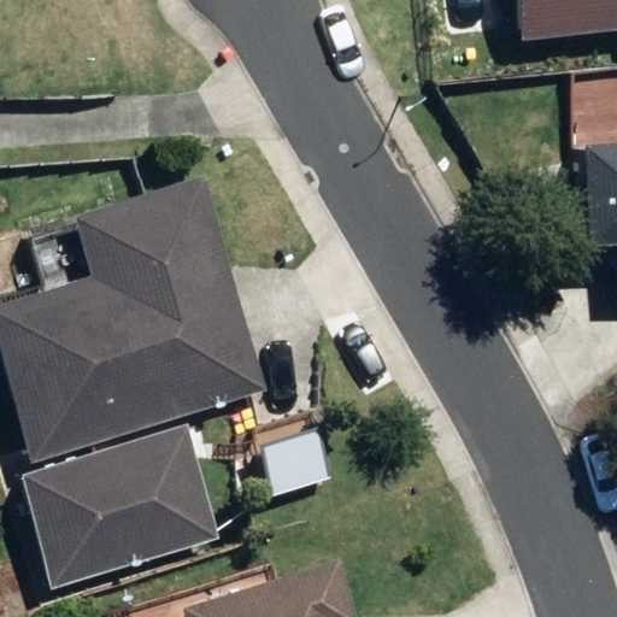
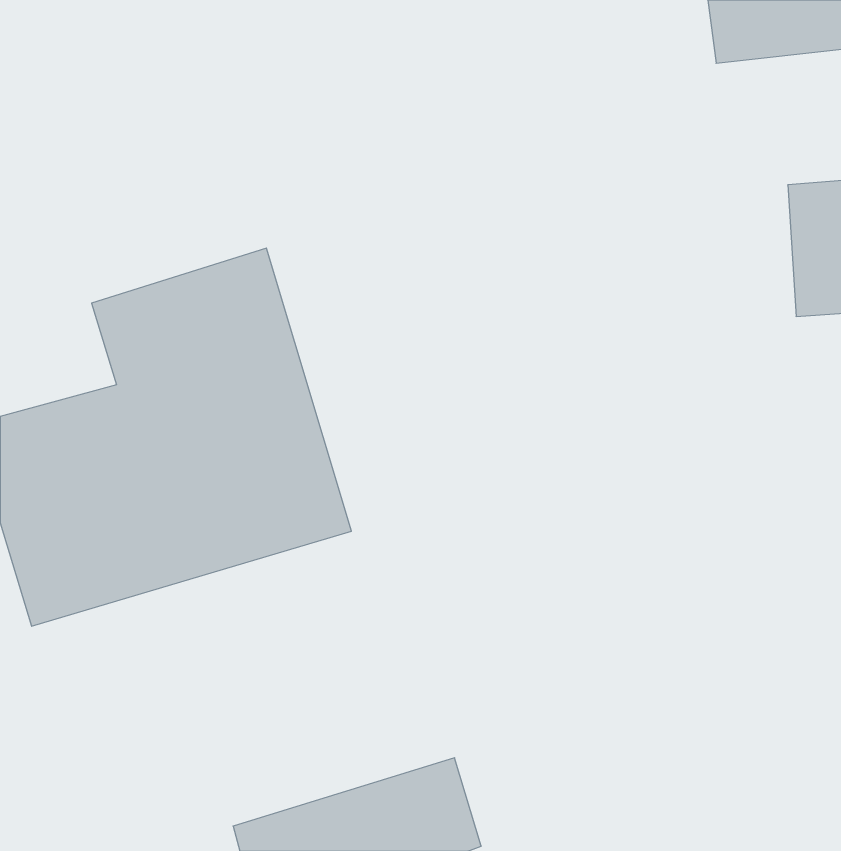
building: [20,429,222,594] -> none

